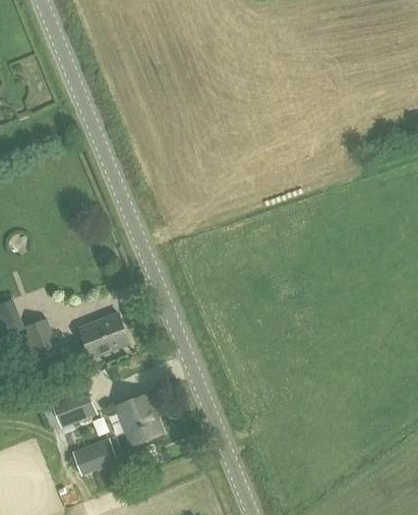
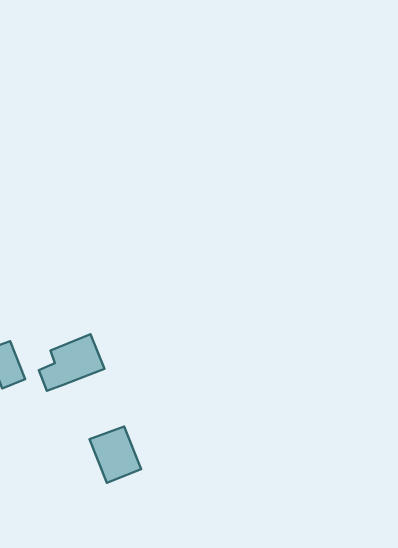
building: [51,389,95,422] -> none
building: [74,440,118,474] -> none

